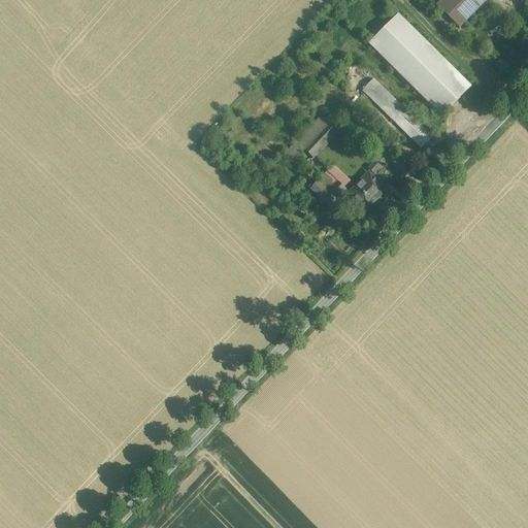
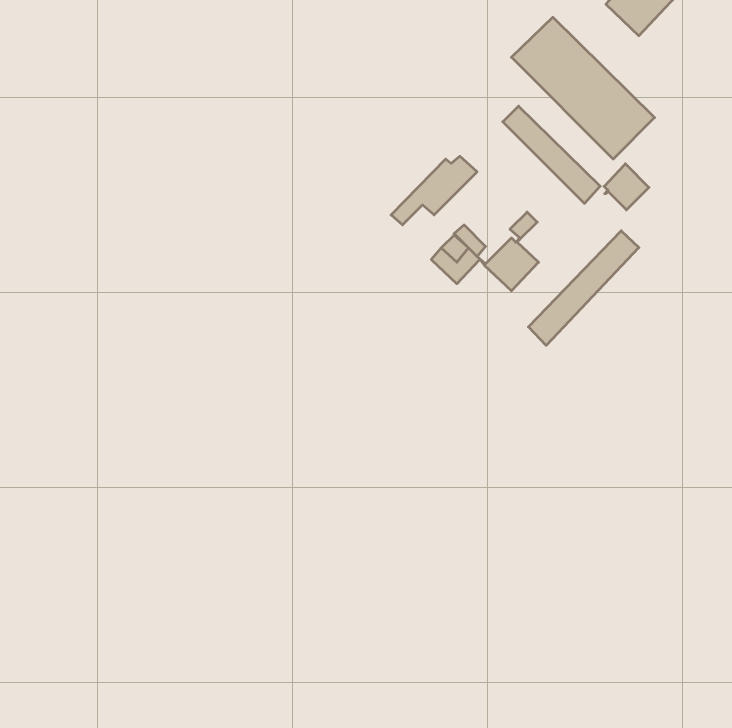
building: none -> [604,164,649,210]
building: none -> [528,231,639,345]

